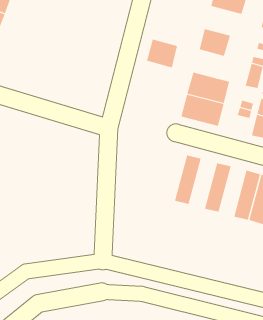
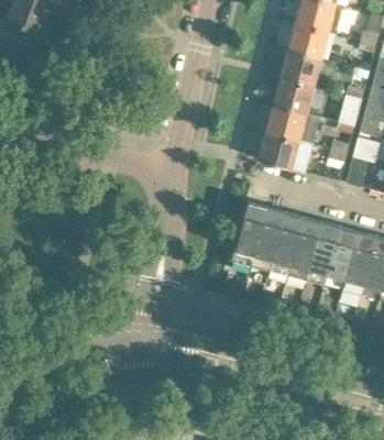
building: none -> [288,21,329,57]
building: [146,39,178,68] -> [274,75,314,111]
building: none -> [233,200,266,263]
building: none -> [270,210,304,273]
building: none -> [307,220,340,283]

